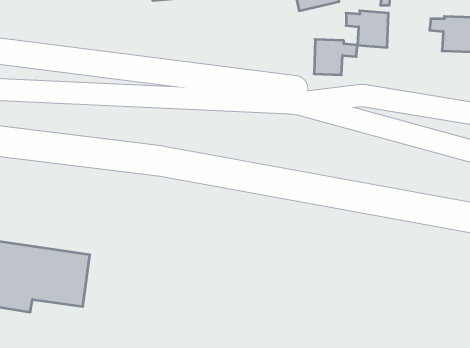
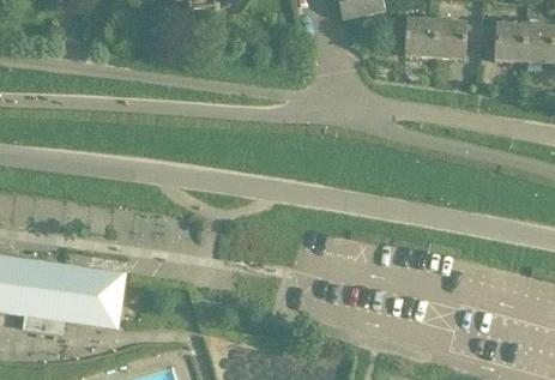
building: [314,39,357,75] -> [435,19,481,56]

